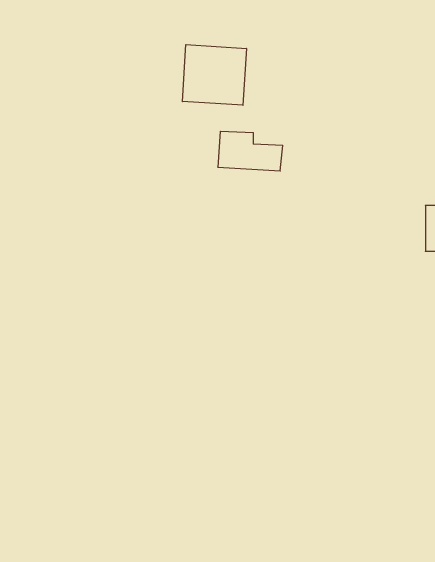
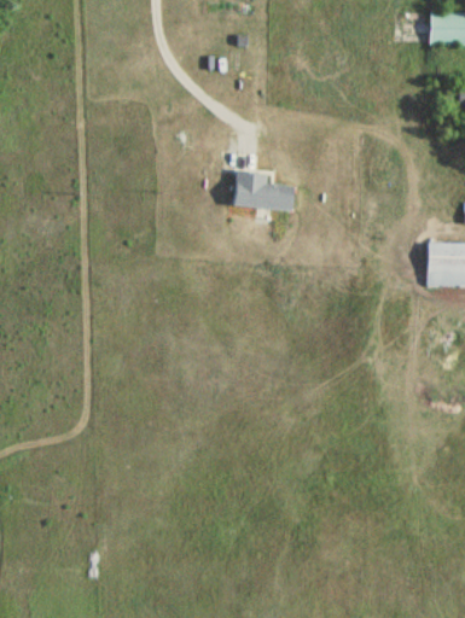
building: [182,45,246,105] -> none

